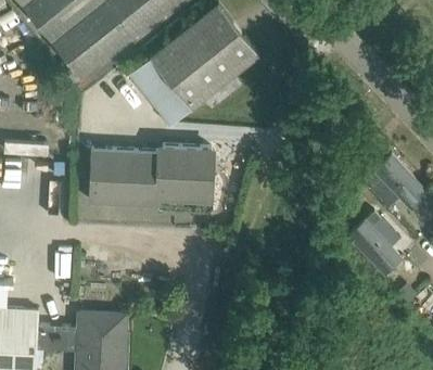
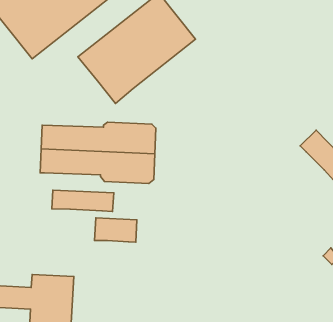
building: [346,210,403,278] -> none
building: none -> [52,190,114,212]
building: none -> [95,218,137,242]

